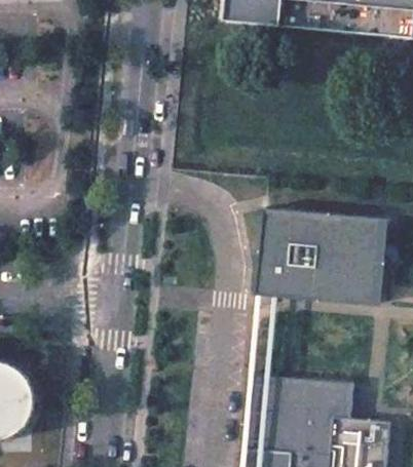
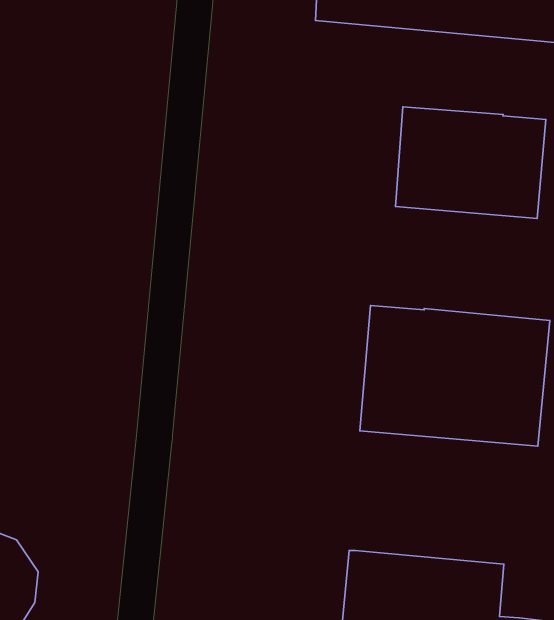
building: none -> [395,107,546,219]

